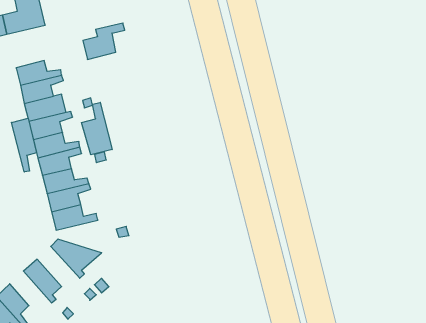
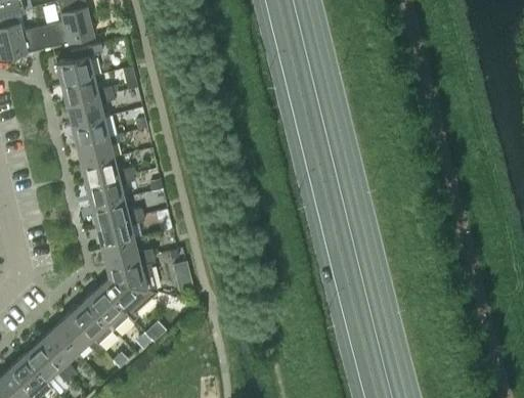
building: [83,23,125,59] -> [56,44,103,85]
building: [81,102,112,155] -> none
building: [11,118,37,172] -> none
building: none -> [106,256,158,293]
building: none -> [85,285,133,330]
building: none -> [54,313,101,354]

